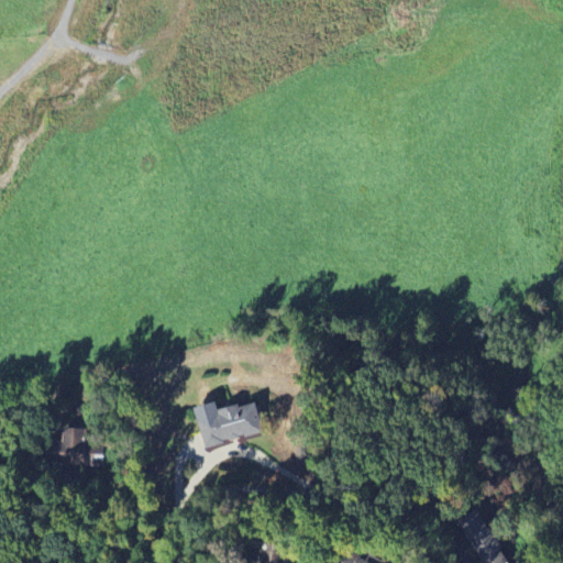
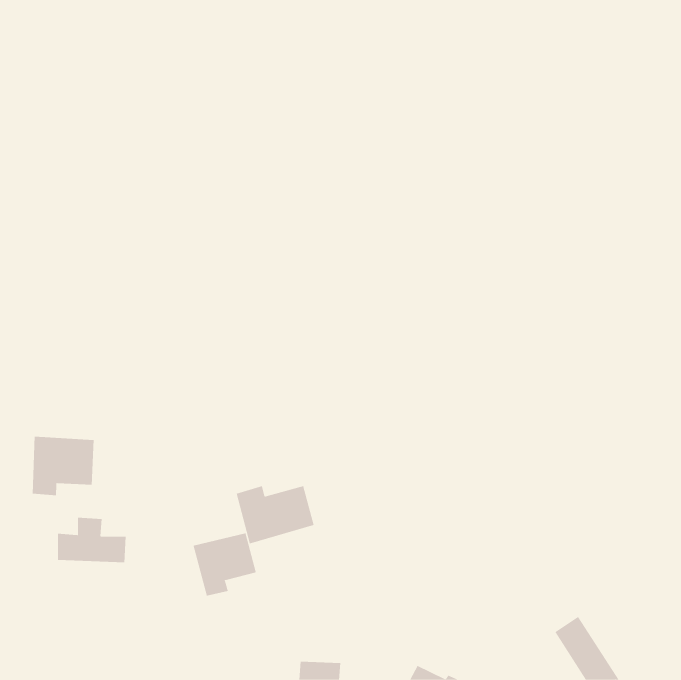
building: none -> [32,436,94,496]
building: none -> [193,532,257,596]

